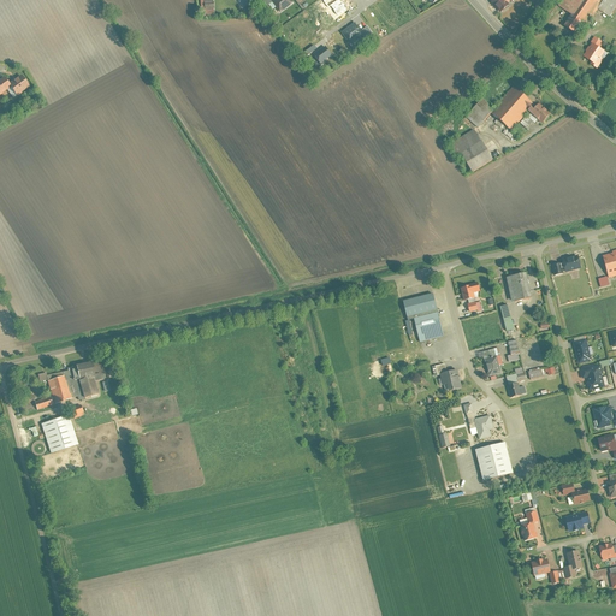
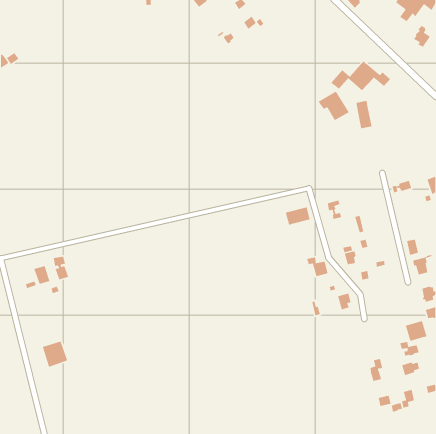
building: none -> [355,100,372,129]
building: [505,271,531,301] -> none
building: [414,310,444,340] -> none
building: [42,413,79,451] -> [42,340,68,368]
building: [478,440,515,479] -> none
building: none -> [405,320,428,342]

